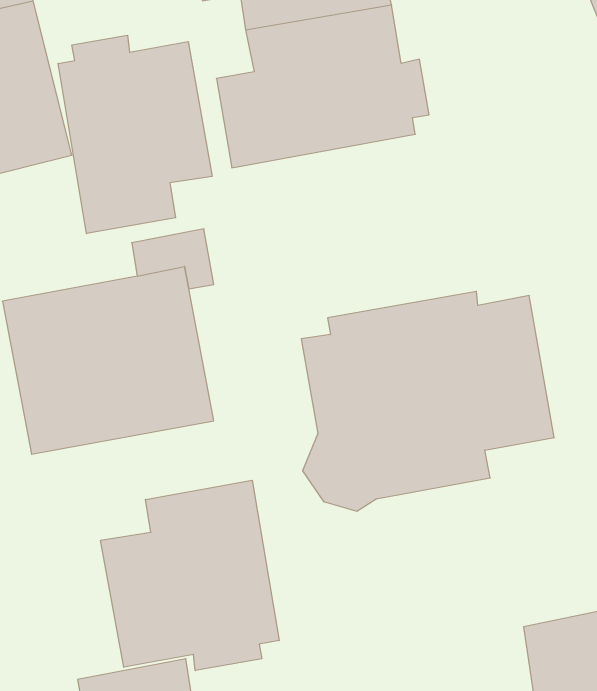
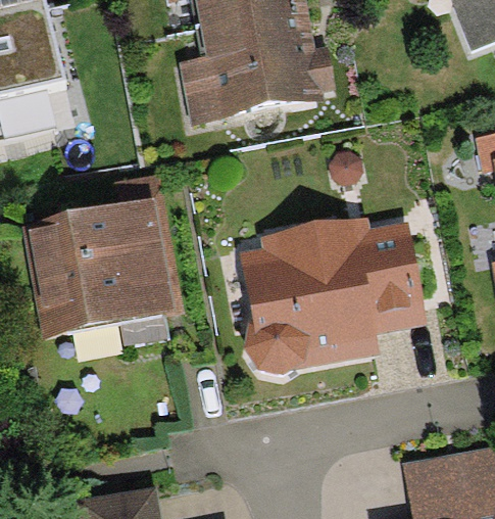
building: [58,35,212,234] -> none
building: [101,480,279,671] -> none

